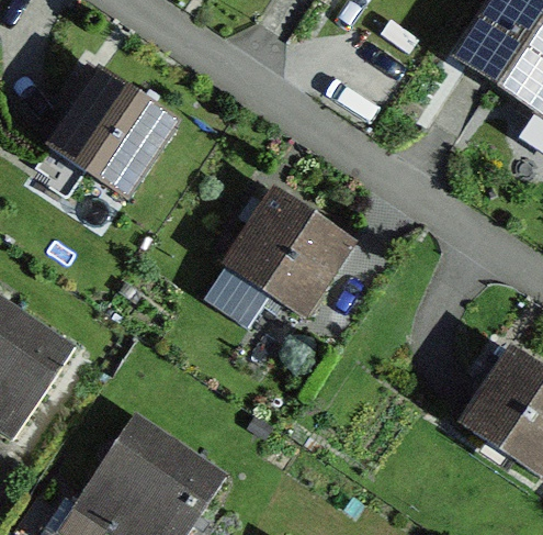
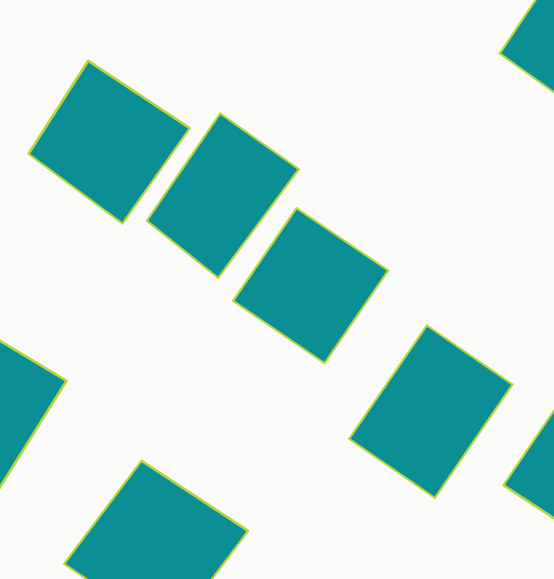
building: none -> [147,114,299,278]
building: none -> [349,325,513,498]

